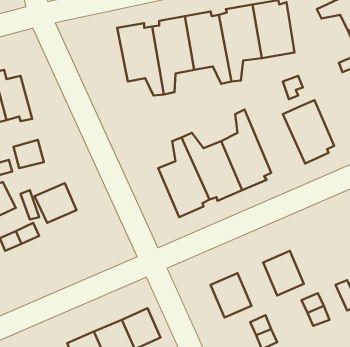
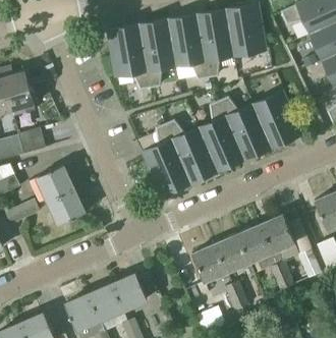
building: none -> [219,98,272,157]
building: none -> [47,188,82,223]
building: none -> [259,214,293,252]
building: none -> [213,234,247,272]

